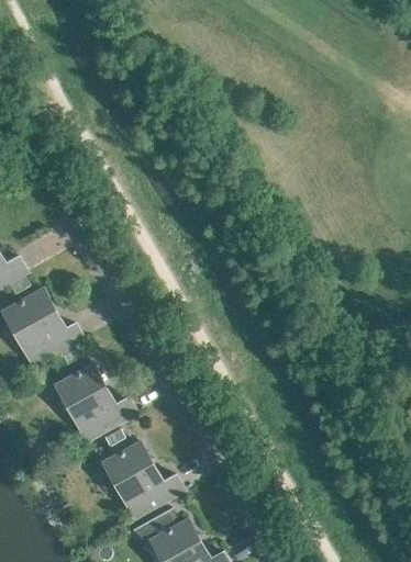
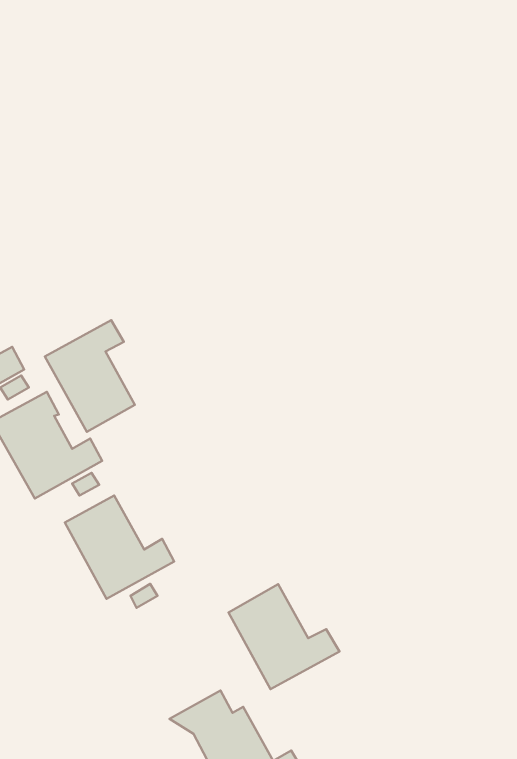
building: none -> [45,320,135,432]
building: [101,440,182,517] -> [229,584,340,689]

